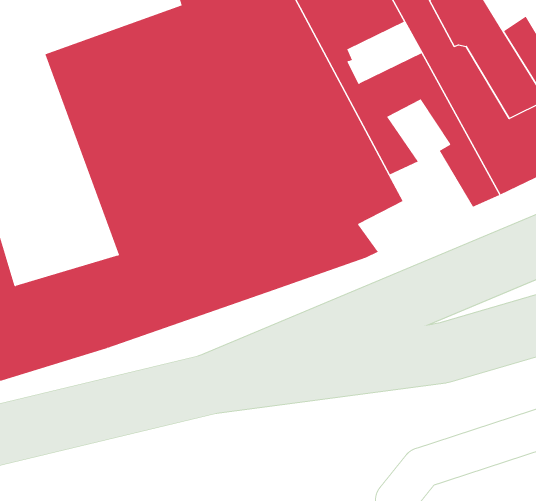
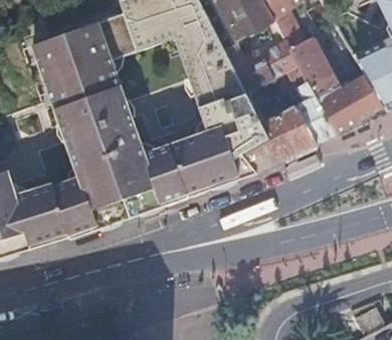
building: none -> [239,107,314,174]

